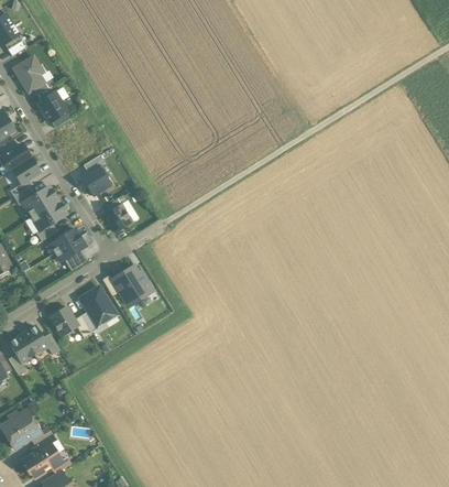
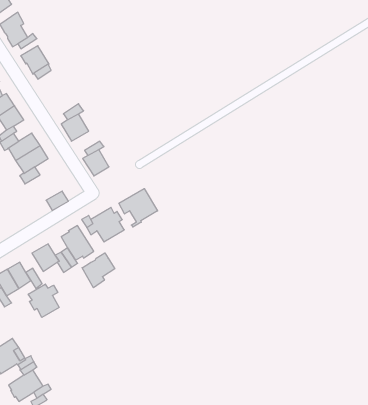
building: [50,227,86,260] -> none
building: none -> [119,189,158,227]
building: none -> [82,253,115,288]
building: none -> [28,284,59,317]

